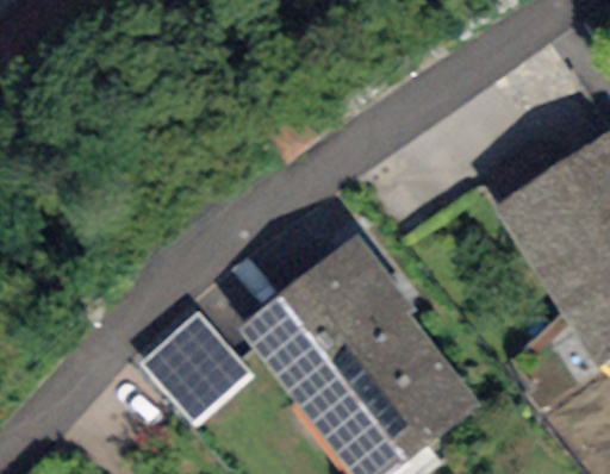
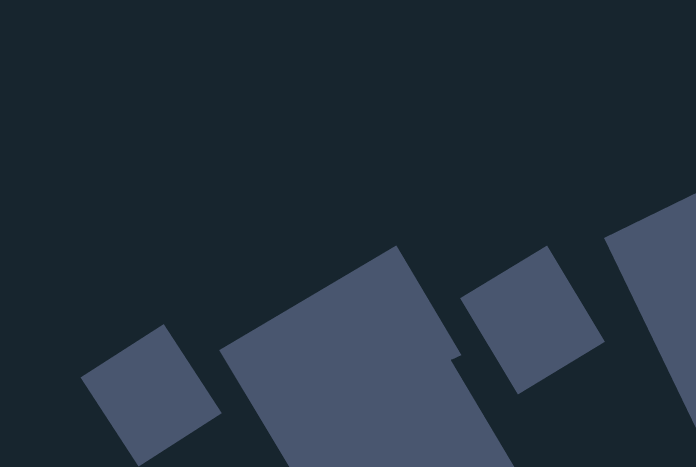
building: none -> [459,244,606,395]

